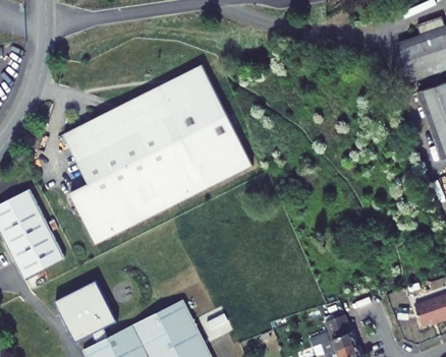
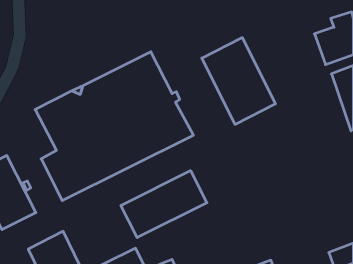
building: none -> [202,38,275,124]
building: none -> [121,171,207,238]

